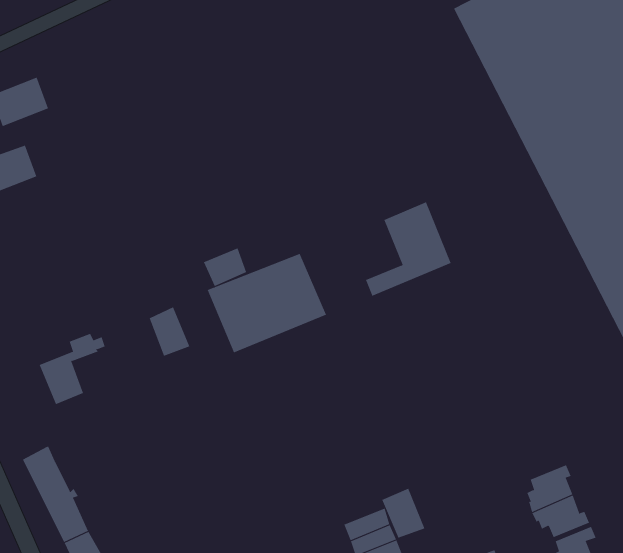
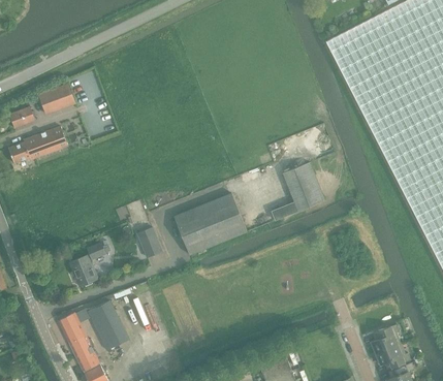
building: [203,248,247,287] -> none
building: none -> [75,300,130,350]
building: [382,488,425,538] -> none

